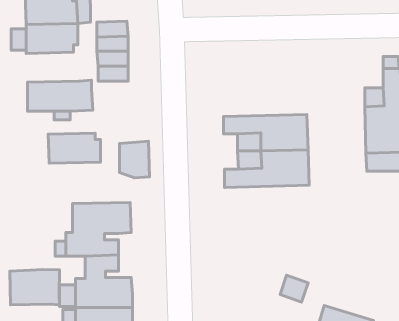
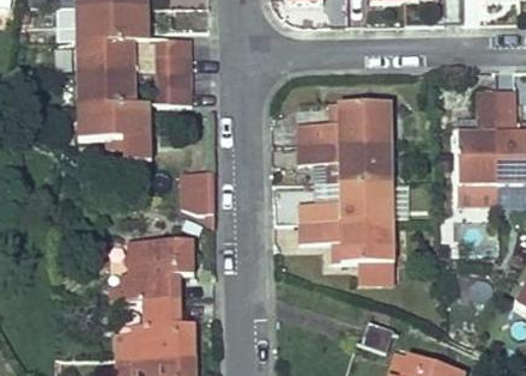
building: none -> [297,101,392,144]
building: [48,133,101,163] -> [78,72,137,105]
building: none -> [300,220,395,280]
building: [10,269,60,305] -> none

